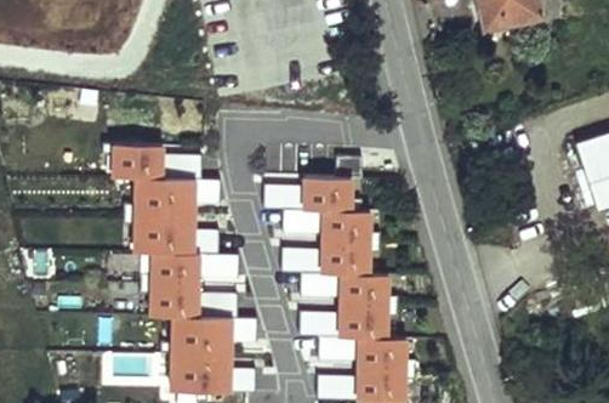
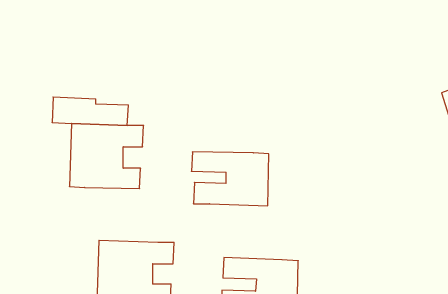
building: [264,176,355,212] -> none
building: [152,254,241,319] -> none
building: [298,273,391,340] -> none

